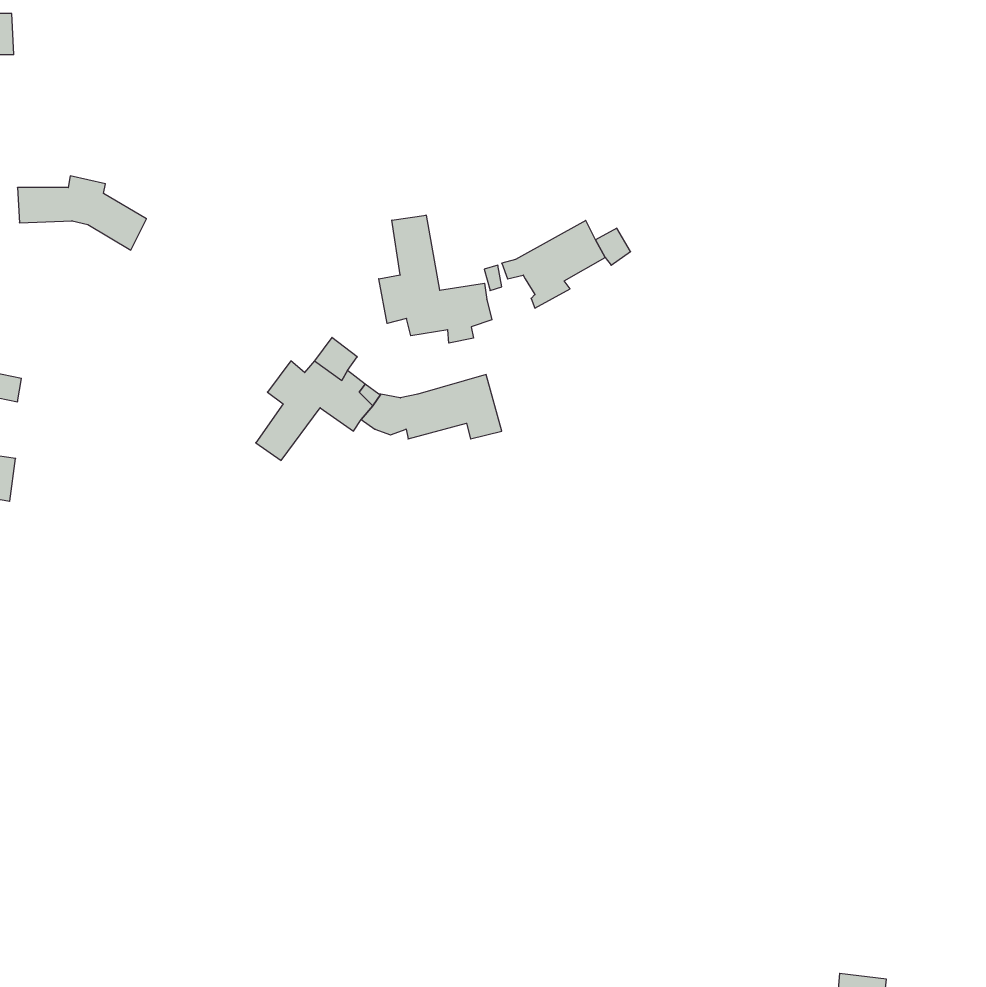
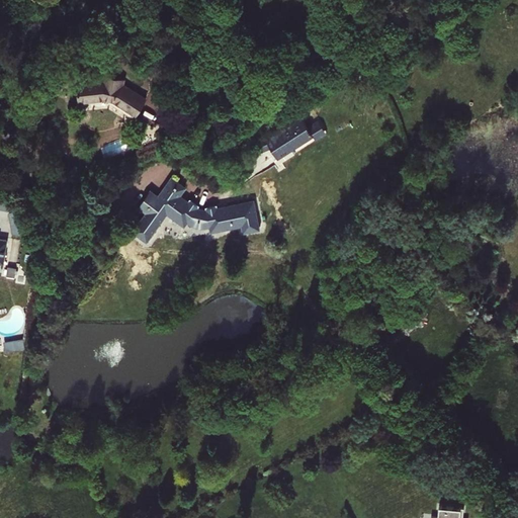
building: [17,176,146,250] -> [76,79,143,117]
building: [379,215,492,343] -> none

